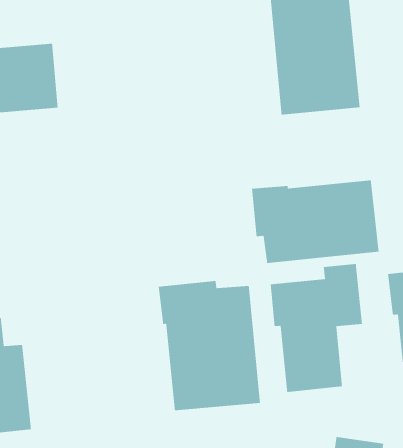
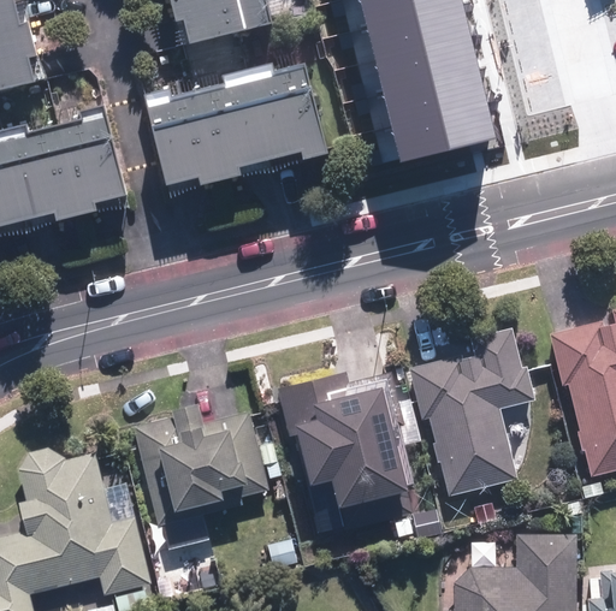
building: none -> [155,66,328,179]
building: [251,180,379,264] -> none
building: none -> [131,409,268,526]

